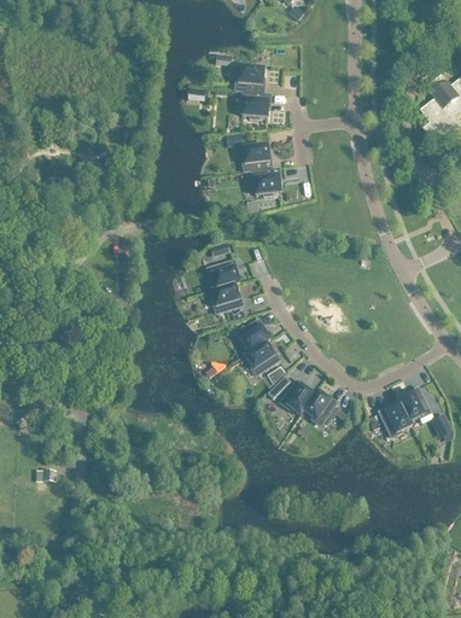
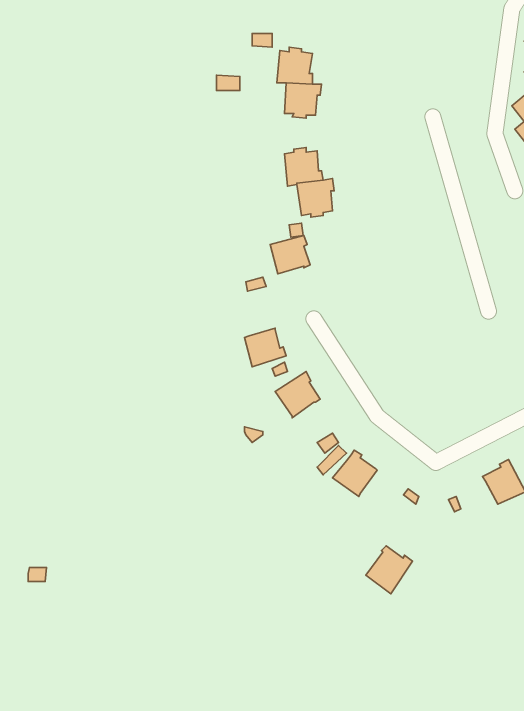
building: [208,260,239,290] -> [270,235,310,274]
building: [244,342,280,375] -> none
building: [300,390,337,427] -> [366,546,412,594]
building: [377,403,410,436] -> none

